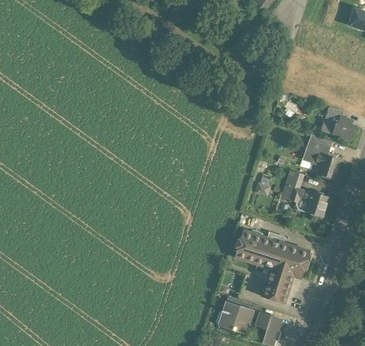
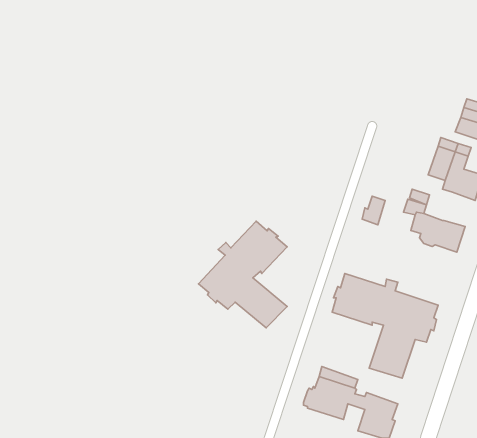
building: none -> [199,221,287,328]

